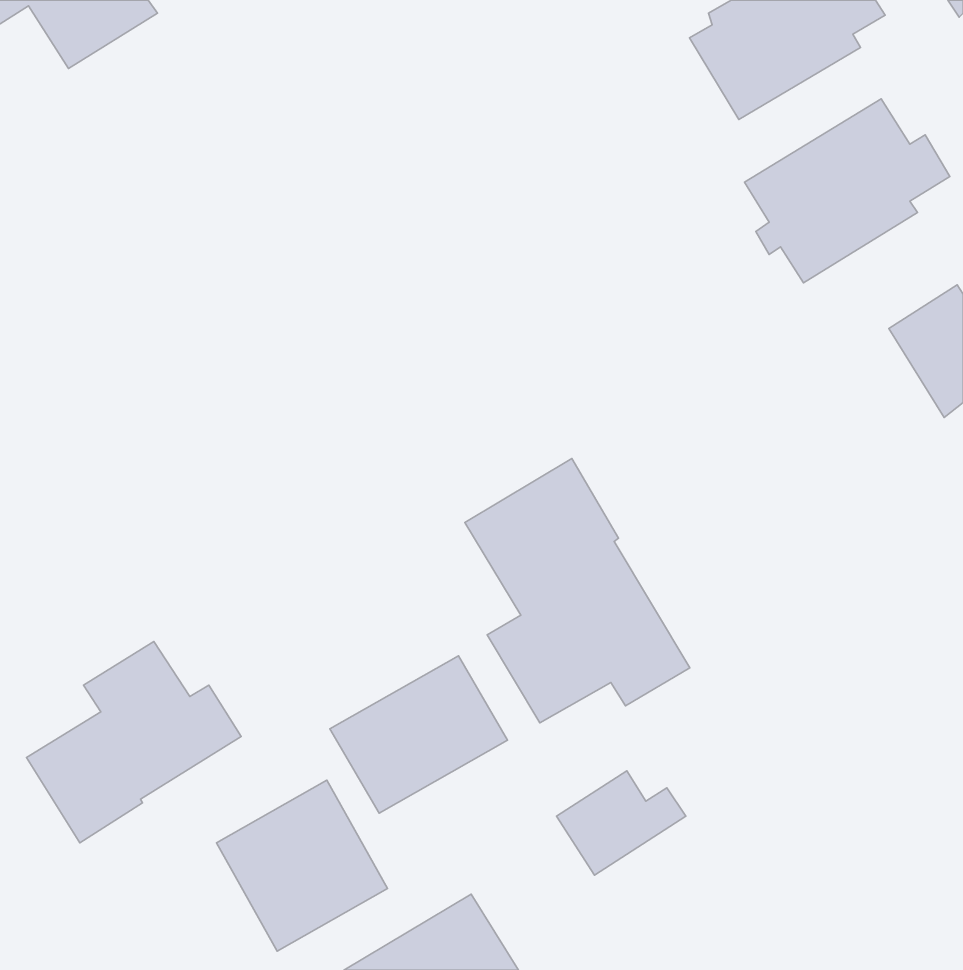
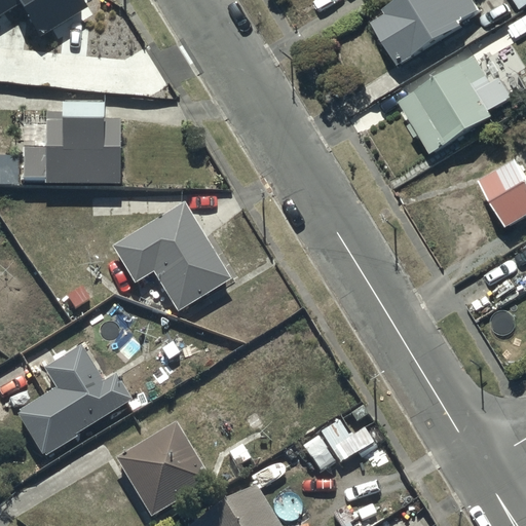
building: none -> [24,102,119,181]
building: none -> [111,200,228,310]
building: [465,459,690,723] -> none
building: [330,656,507,813] -> none

